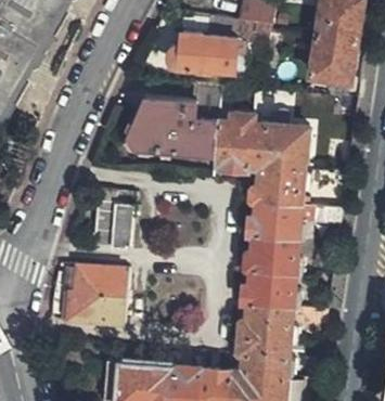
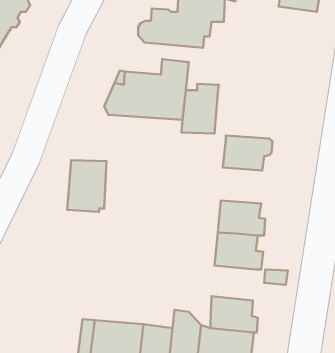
building: [307,36,354,83] -> none
building: [246,115,307,174] -> none
building: [253,205,337,243] -> none
building: [65,271,127,327] -> none
building: [243,308,295,346] -> none

